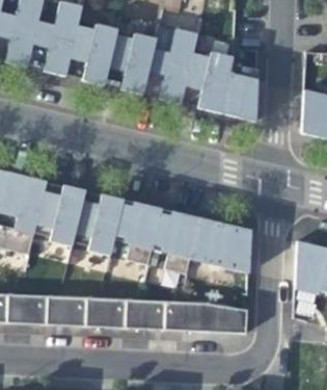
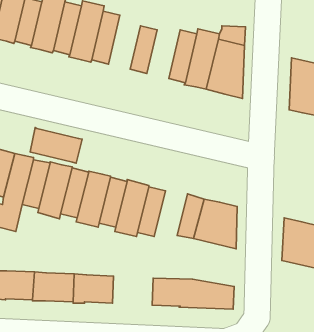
building: [158,28,196,104] -> none
building: [119,33,155,95] -> none
building: none -> [30,128,82,163]
building: [165,213,199,269] -> none
building: [125,300,165,329] -> none

